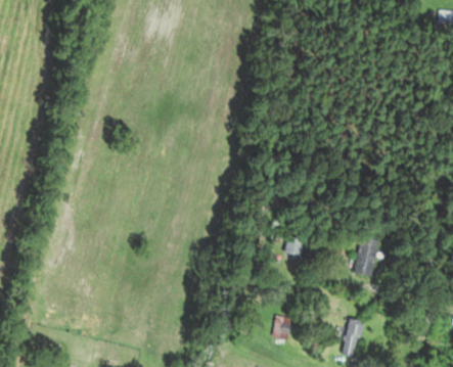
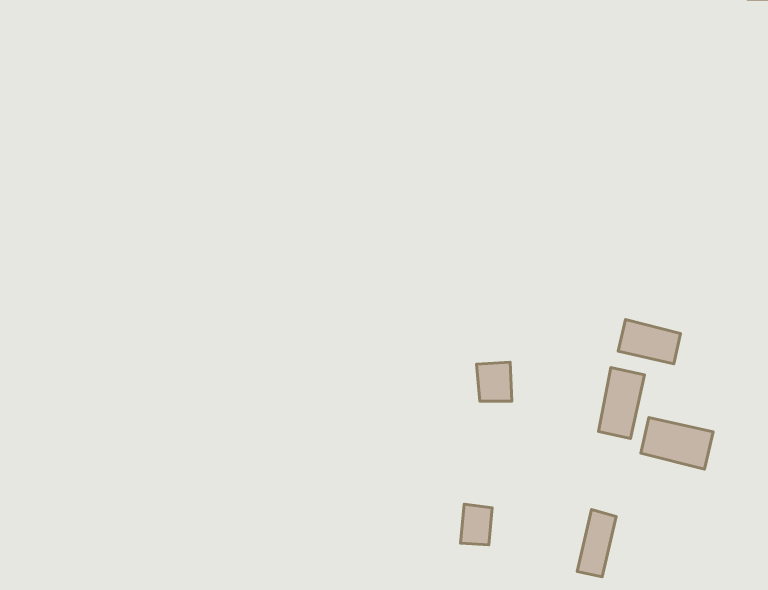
building: none -> [618,320,680,364]
building: none -> [641,418,713,469]

